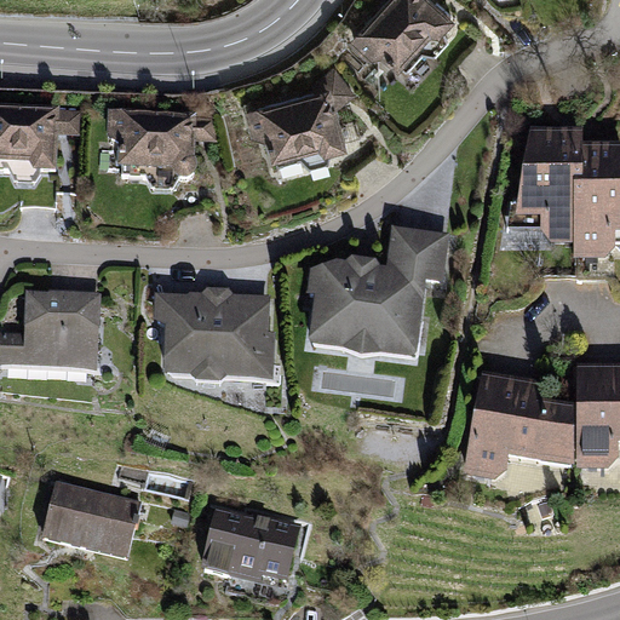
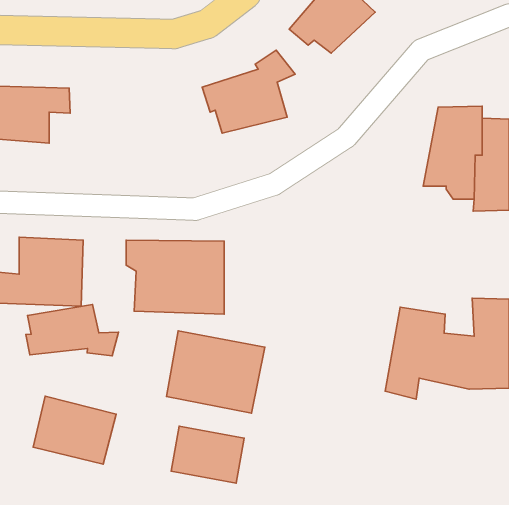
building: [108,111,214,176] -> none
building: [305,224,449,360] -> none
building: none -> [26,305,118,356]
building: none -> [167,331,265,413]

